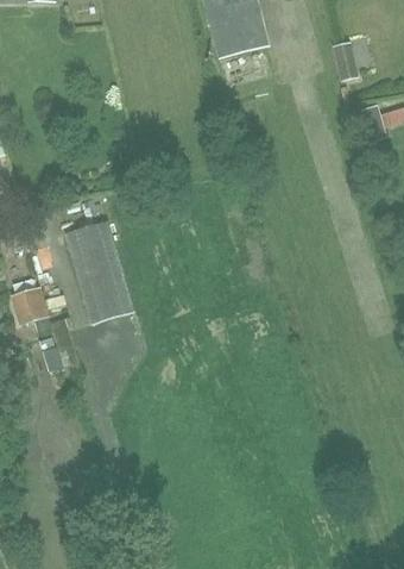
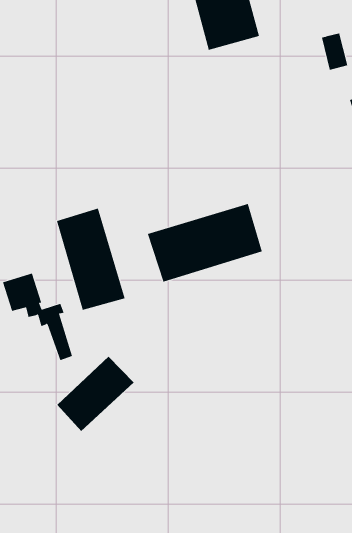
building: none -> [147,203,263,282]
building: none -> [56,356,135,432]

